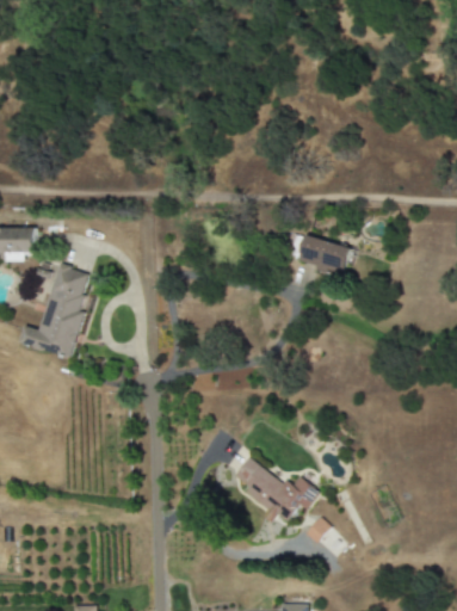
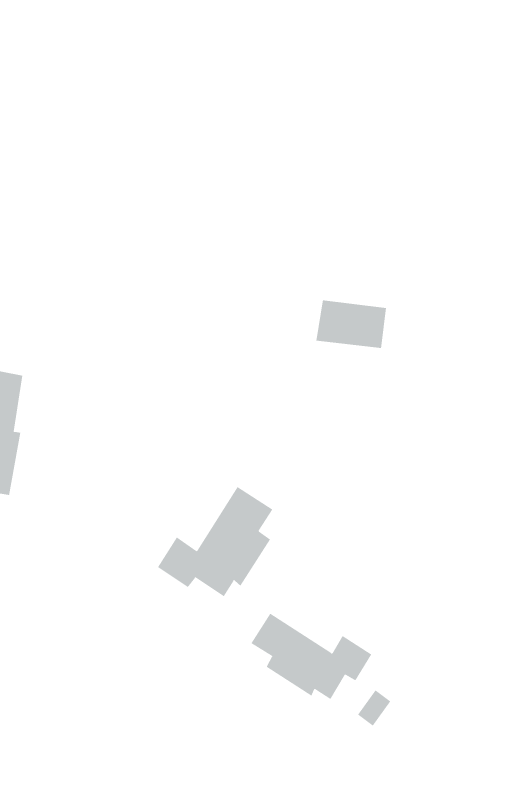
building: none -> [157,486,273,597]

